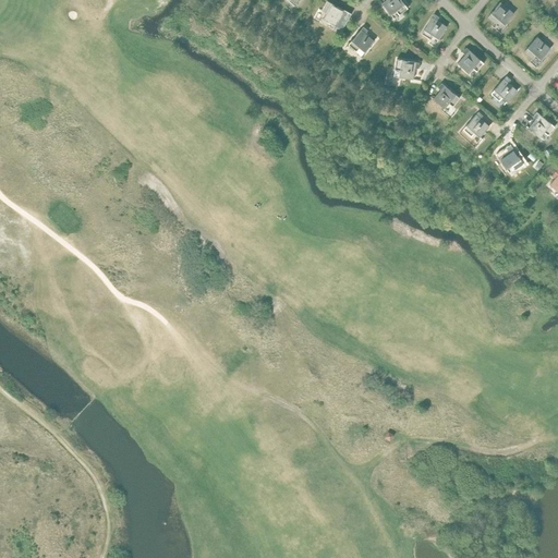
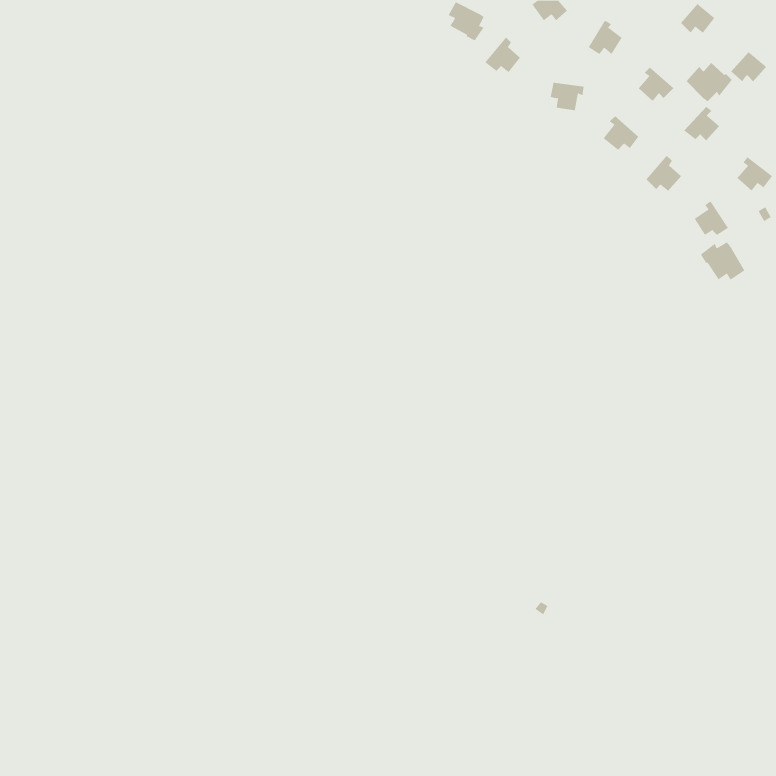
building: none -> [686,62,732,102]
building: none -> [700,241,745,281]

